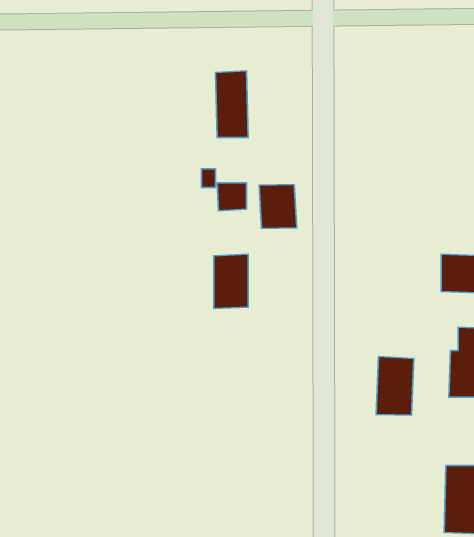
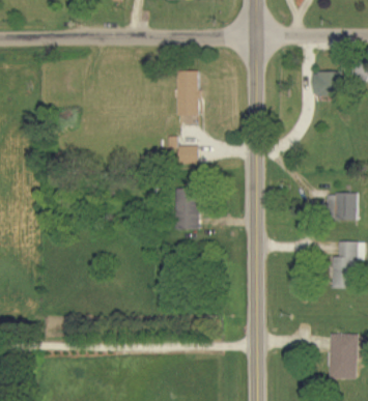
building: none -> [312,71,341,96]
building: [259,184,297,229] -> none
building: [376,356,414,415] -> none

